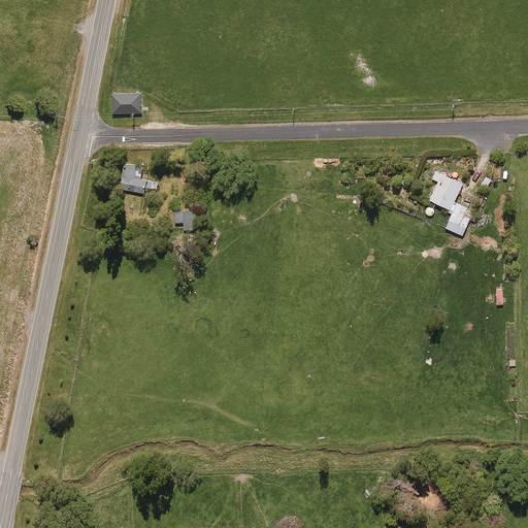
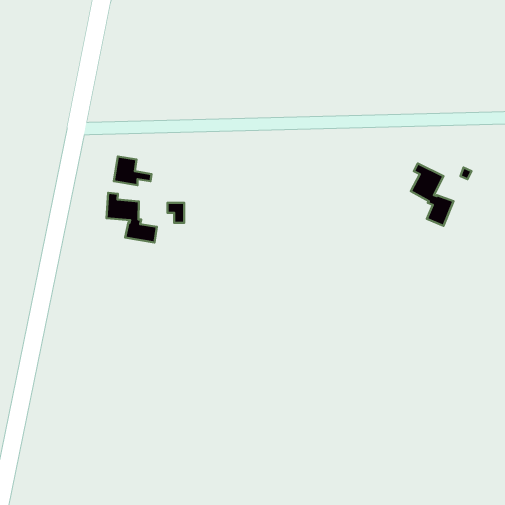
building: [110,94,140,113] -> none
building: none -> [106,193,157,243]

